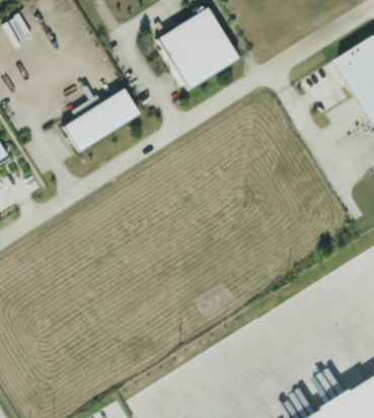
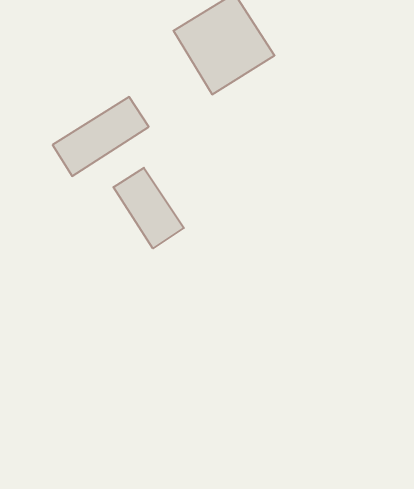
building: none -> [113,168,184,248]

